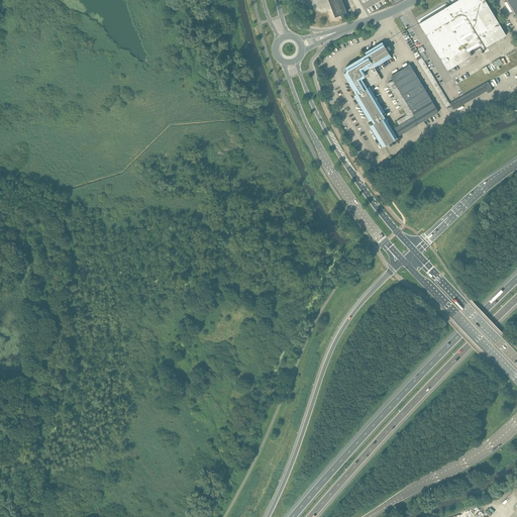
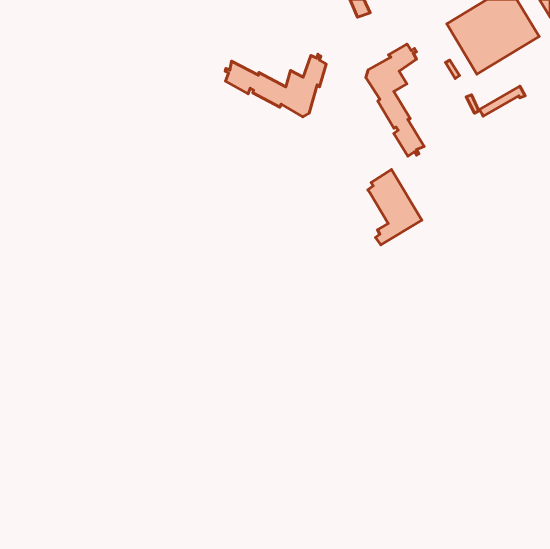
building: none -> [225,54,326,117]
building: [388,64,438,134] -> [368,170,422,245]

